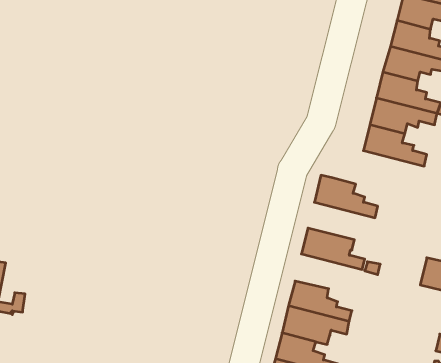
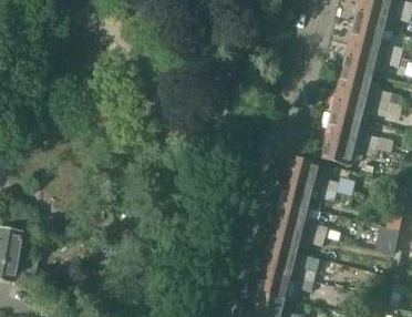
building: none -> [320,133,378,164]
building: none -> [278,177,336,209]
building: none -> [267,222,325,252]

